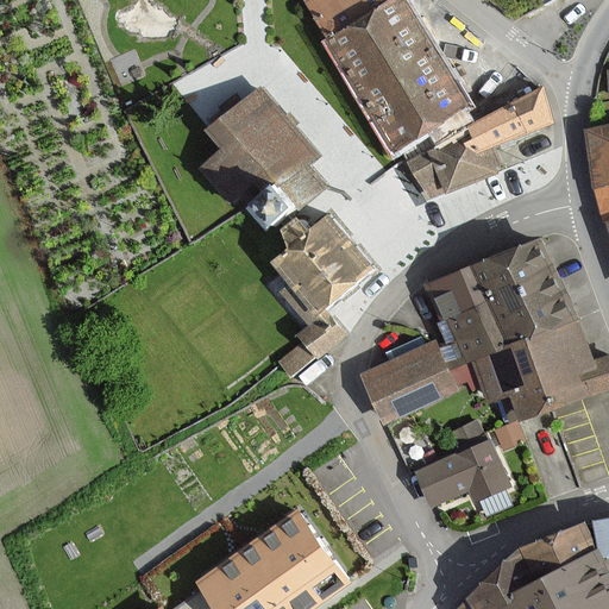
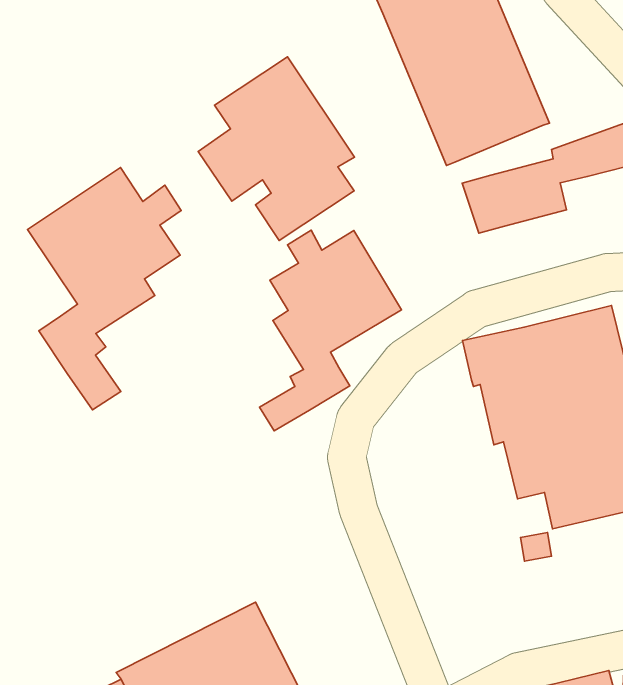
building: none -> [28,167,181,410]
building: [362,341,454,422] -> none
building: [416,427,508,504] -> none

